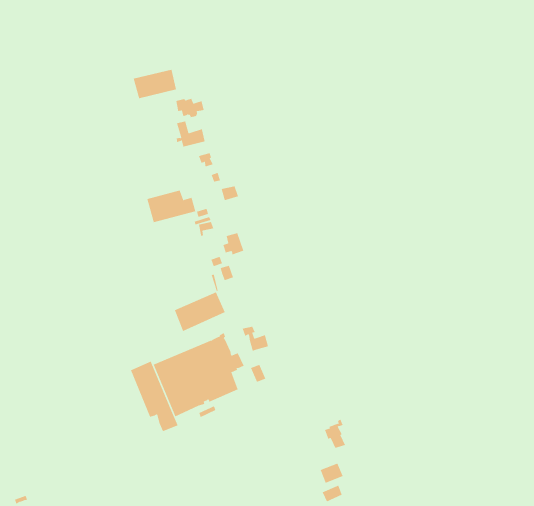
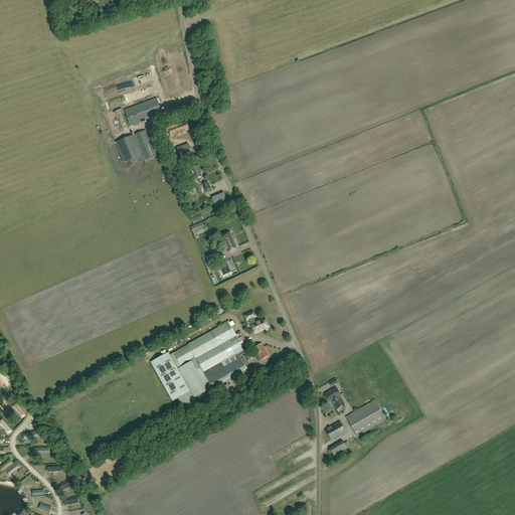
building: [147,190,196,223] -> [116,130,160,161]
building: [174,292,226,332] -> none
building: none -> [345,399,385,436]

